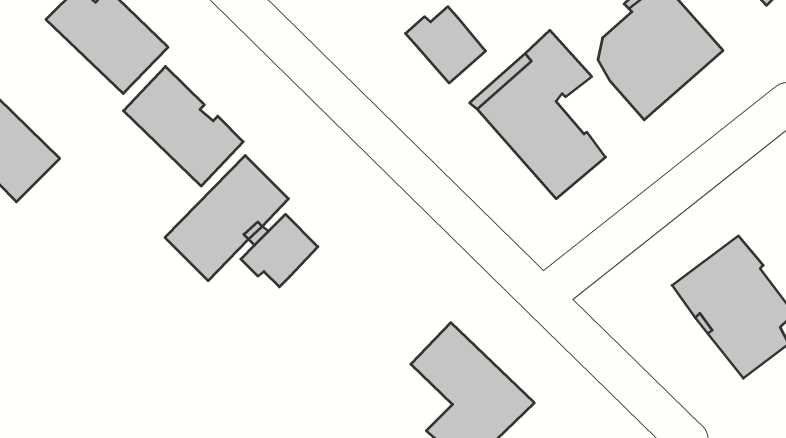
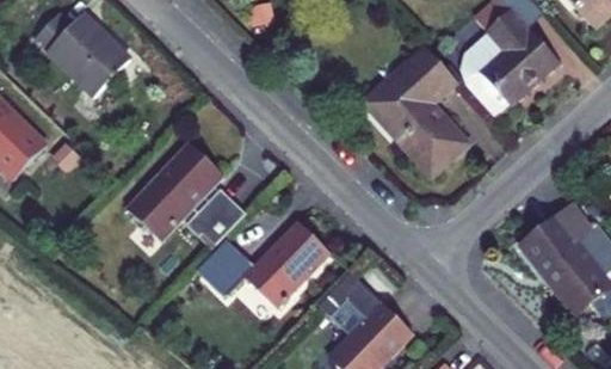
building: [405,7,486,83] -> none
building: [123,66,243,186] -> none
building: none -> [198,223,329,307]

